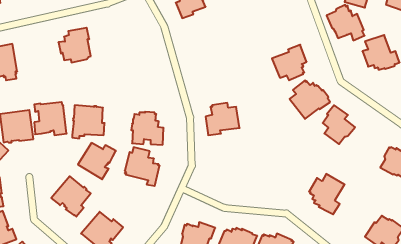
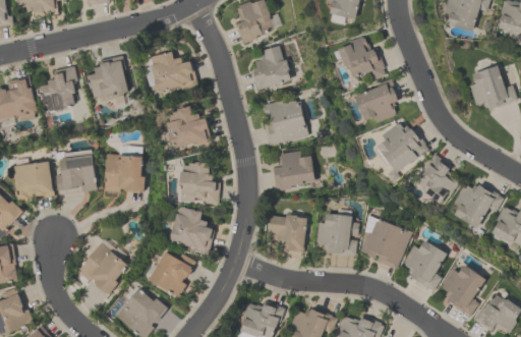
building: [327,5,365,40] -> [338,36,386,80]
building: none -> [250,45,291,91]
building: none -> [152,51,194,92]
building: none -> [38,66,76,112]
building: none -> [263,101,307,146]
building: none -> [166,105,208,148]
building: none -> [453,184,502,227]
building: [78,143,116,179] -> [148,251,195,297]
building: none -> [315,213,358,256]
building: none -> [268,214,306,254]
building: none -> [359,216,410,270]
building: none -> [442,265,484,316]

